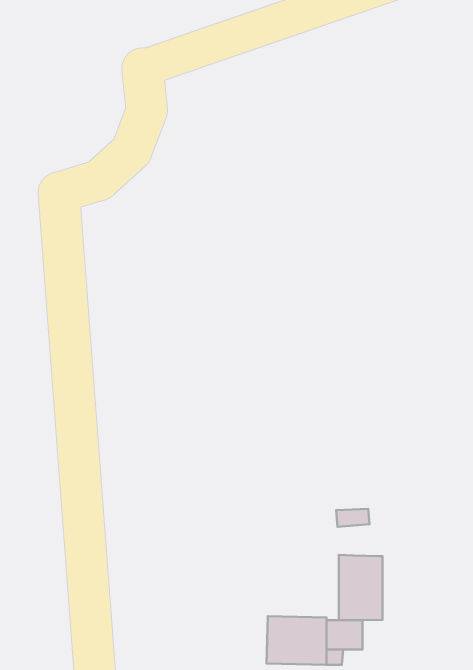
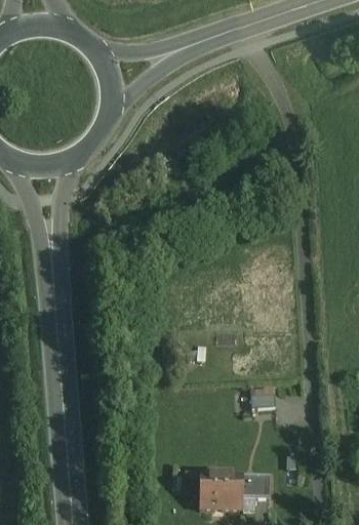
building: [339,555,383,620] -> none

